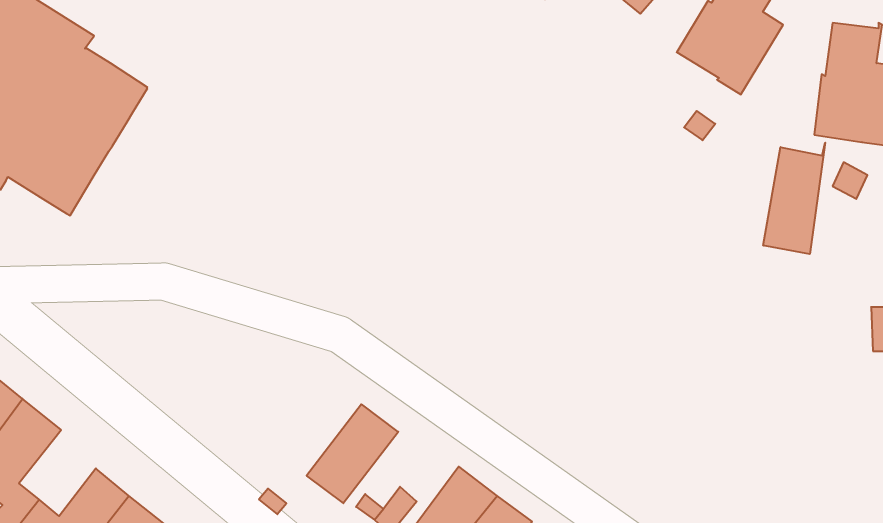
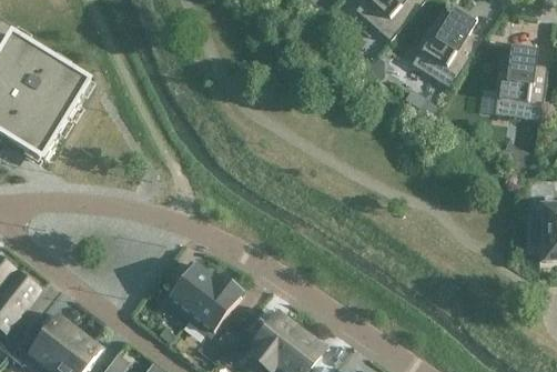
building: [763,143,825,254] -> none
building: none -> [166,262,221,319]

